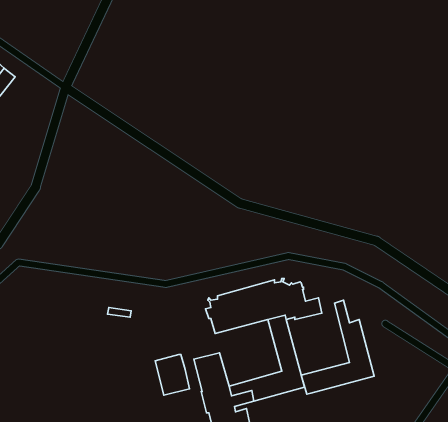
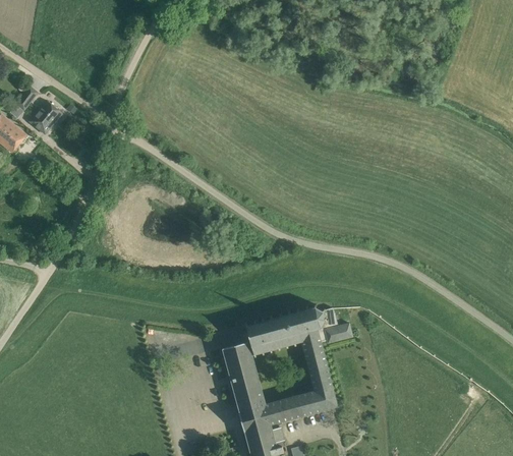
building: [301,300,374,394] -> none
building: [155,354,189,395] -> [223,341,255,380]

